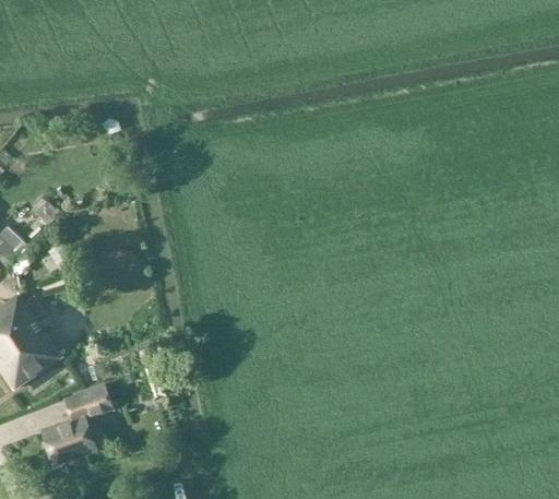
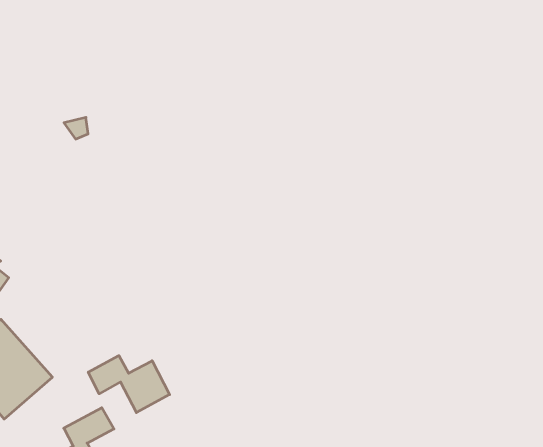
building: none -> [88,356,170,413]

